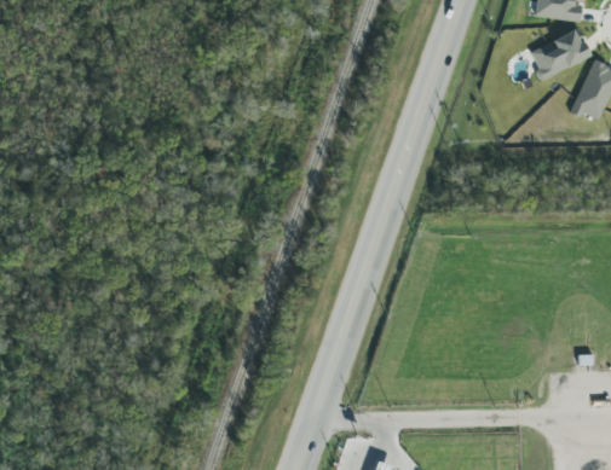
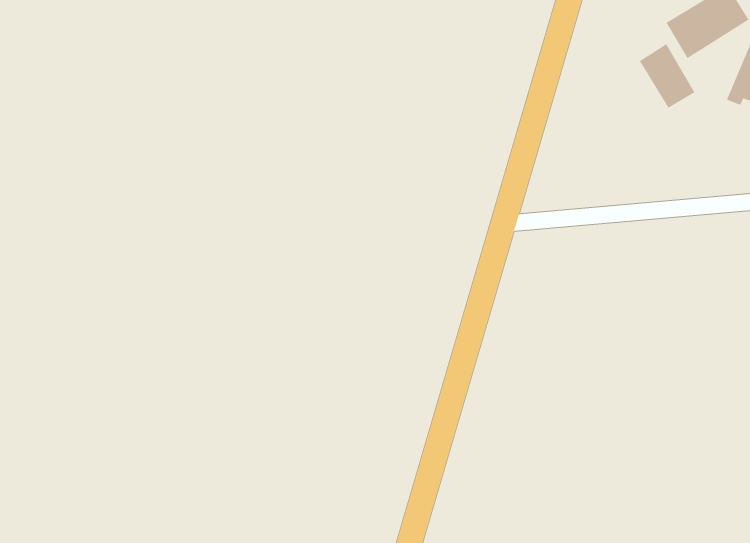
building: none -> [639,43,695,109]

